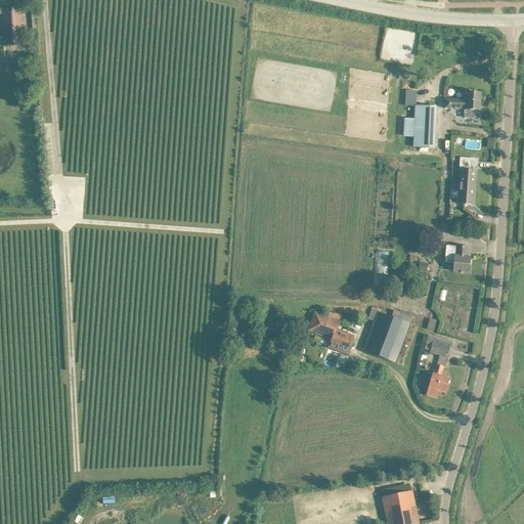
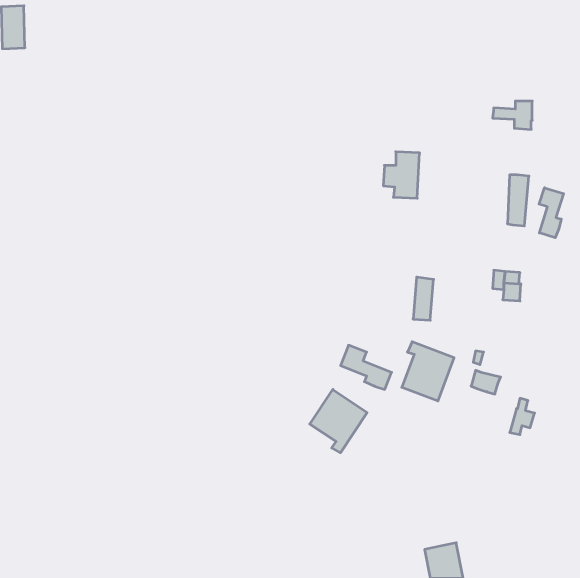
building: [403,104,436,146] -> [383,152,420,198]
building: none -> [539,188,564,238]
building: none -> [310,389,367,453]
building: [427,363,449,396] -> [510,398,535,435]

